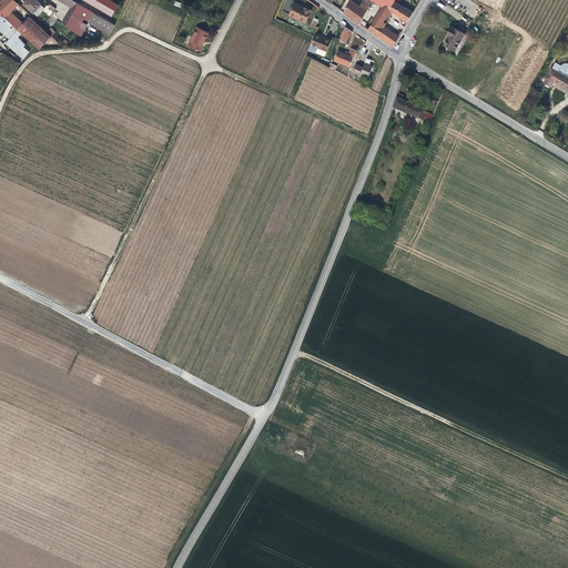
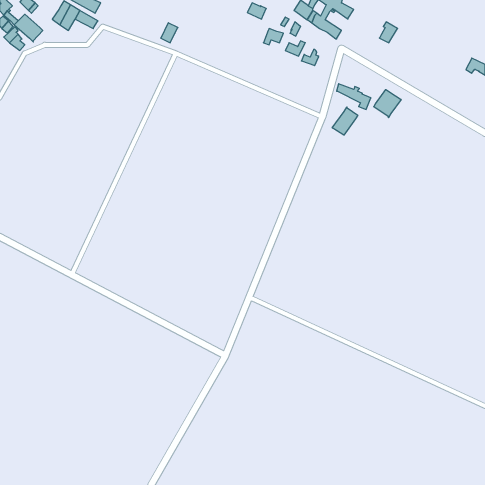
building: none -> [374,90,401,118]
building: none -> [332,107,358,135]

